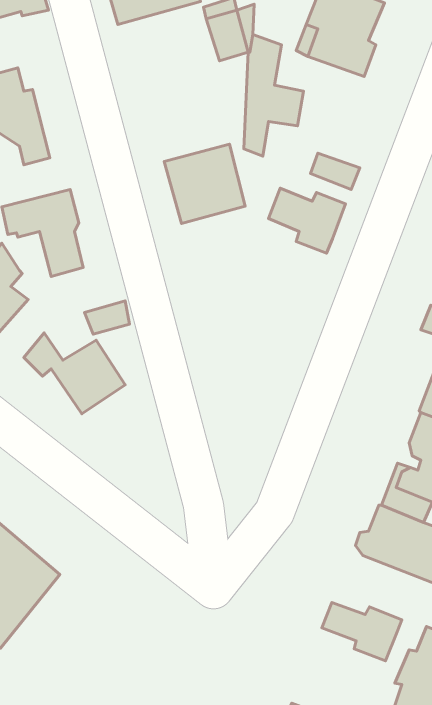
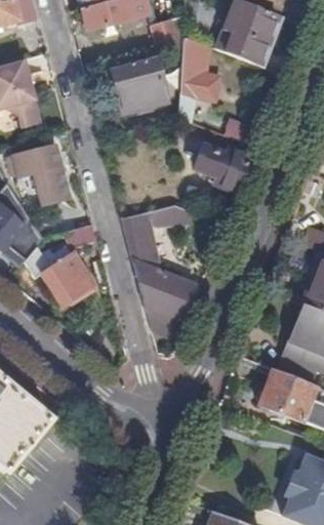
building: [164,144,245,224] -> [111,55,168,112]
building: none -> [124,204,196,331]
building: [322,603,402,661] -> none

